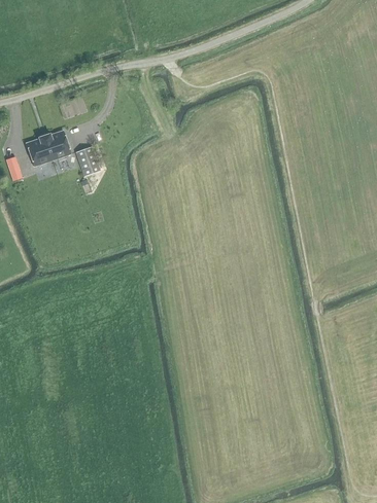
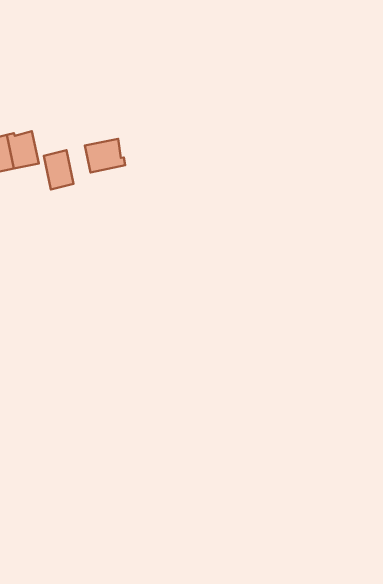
building: none -> [85,139,125,172]

